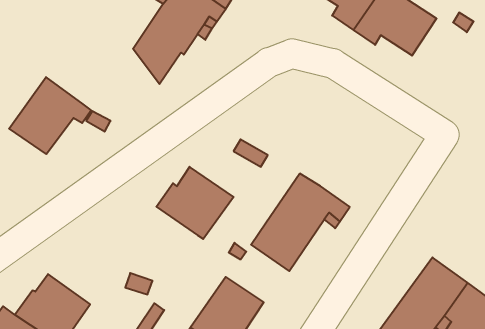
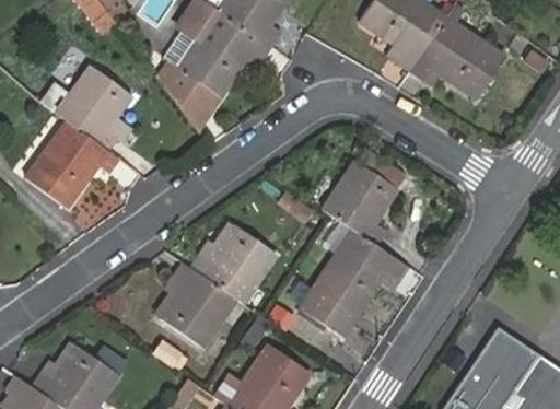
building: none -> [55,66,130,152]
building: none -> [322,161,397,244]
building: none -> [156,262,236,346]

